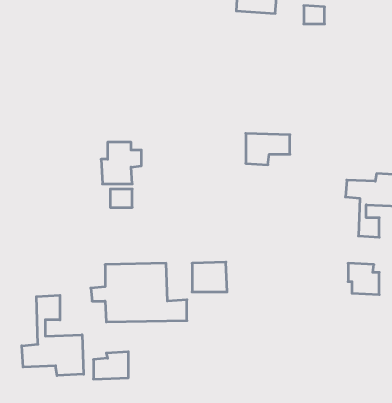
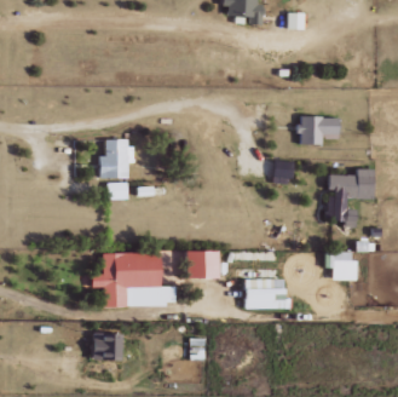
building: [246,133,290,165] -> [299,116,340,145]
building: none -> [242,281,287,309]
building: [22,295,84,376] -> none

